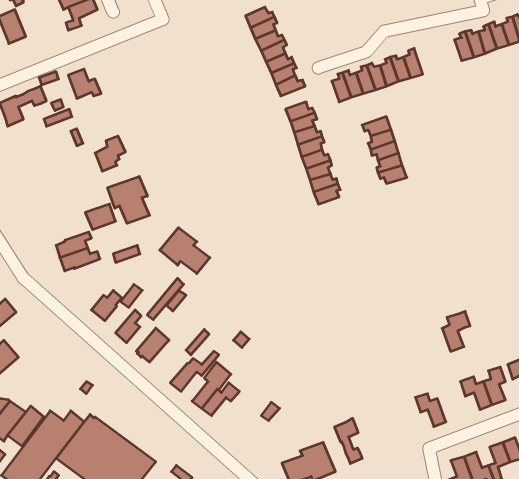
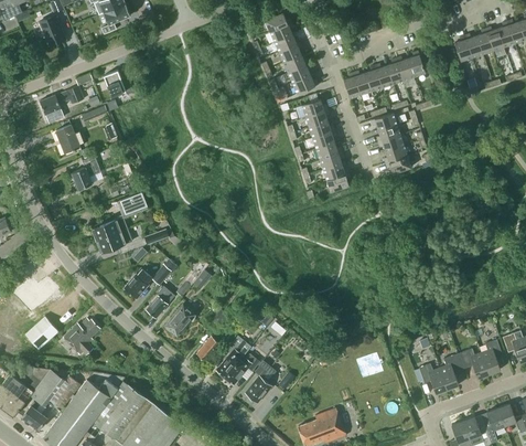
building: none -> [53,124,83,153]
building: [95,136,125,171] -> [73,157,100,189]
building: [108,176,150,223] -> none
building: [160,228,210,274] -> none
building: [442,311,470,351] -> [439,353,464,390]
building: none -> [63,319,100,354]
building: none -> [245,361,272,403]
building: [335,418,362,464] -> none

